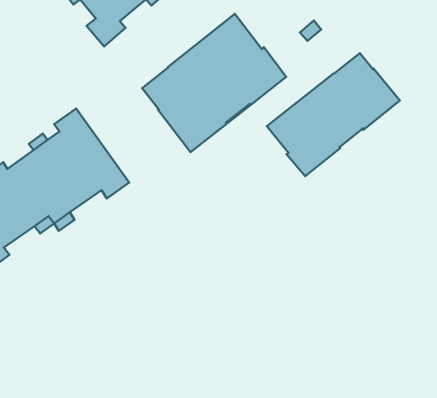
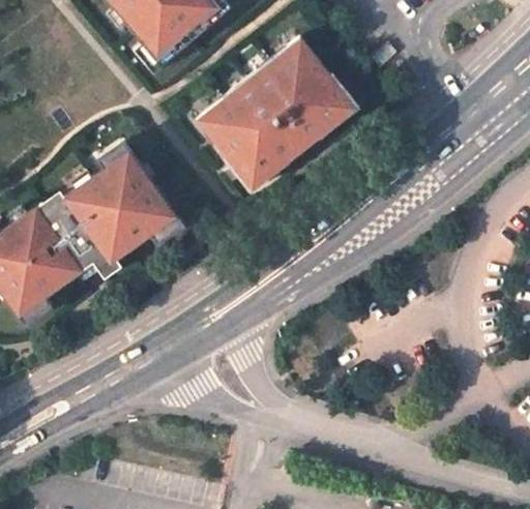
building: [267,53,400,176] -> none

